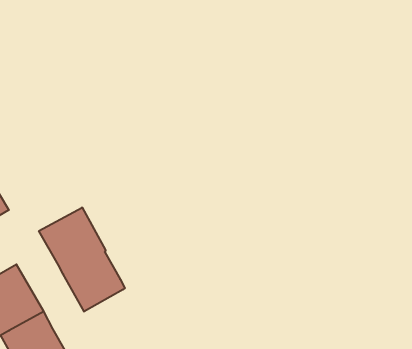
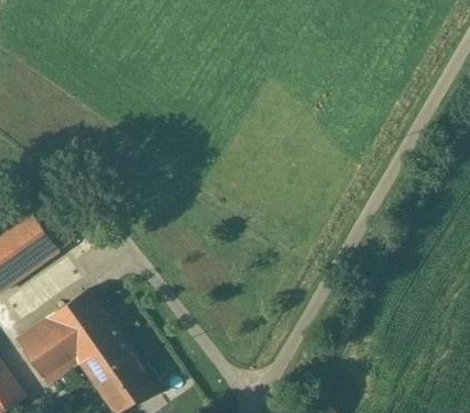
building: [39,207,125,312] -> none

